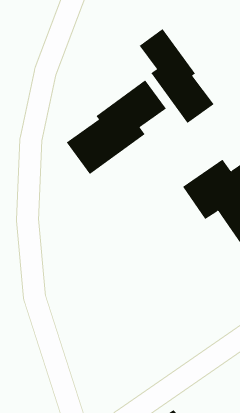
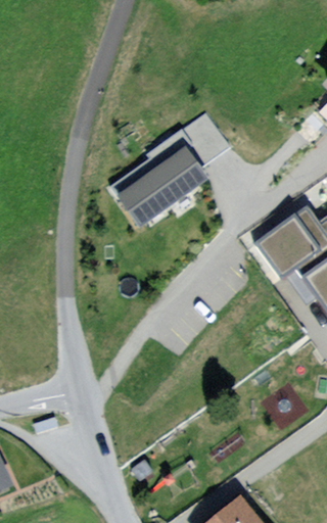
building: [139,28,214,124] -> none

